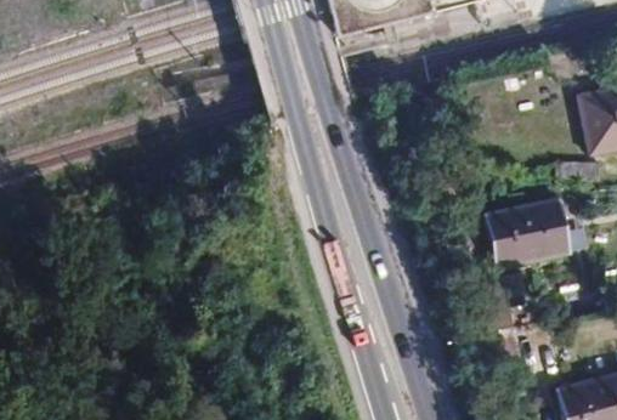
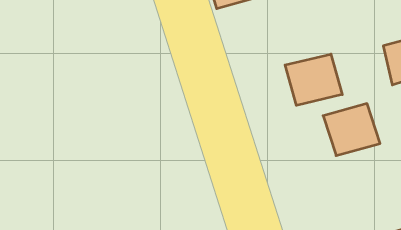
building: none -> [285,54,342,105]

